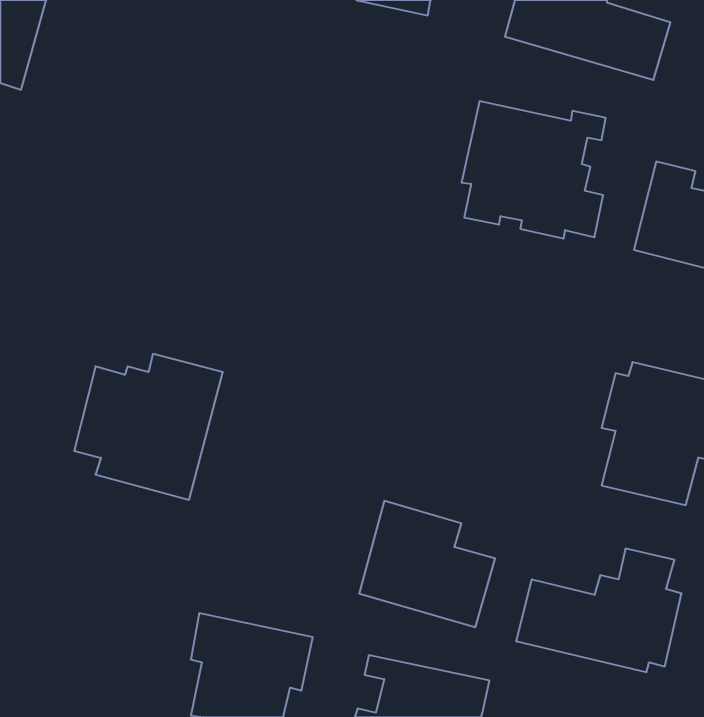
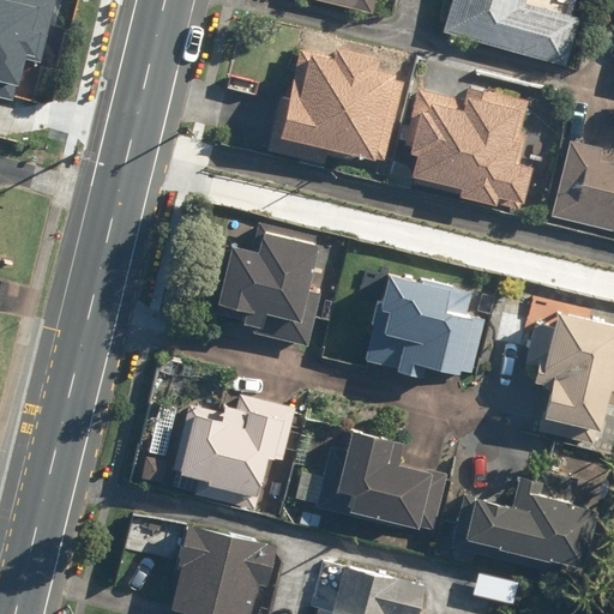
building: none -> [275,46,404,165]
building: none -> [209,230,324,344]
building: none -> [363,277,466,378]
building: [74,354,223,500] -> [174,392,301,517]

